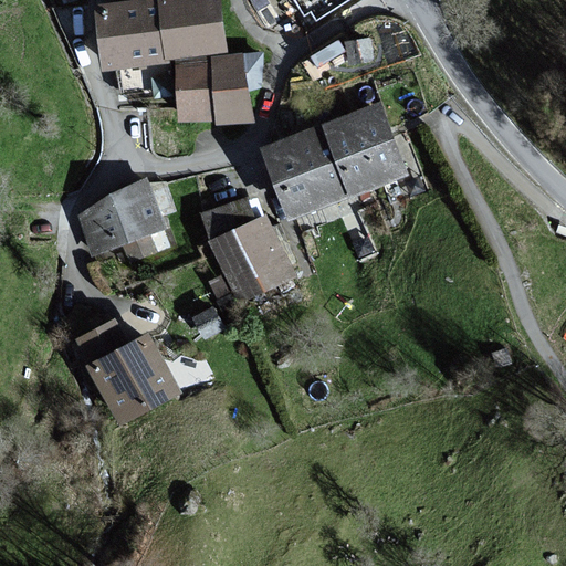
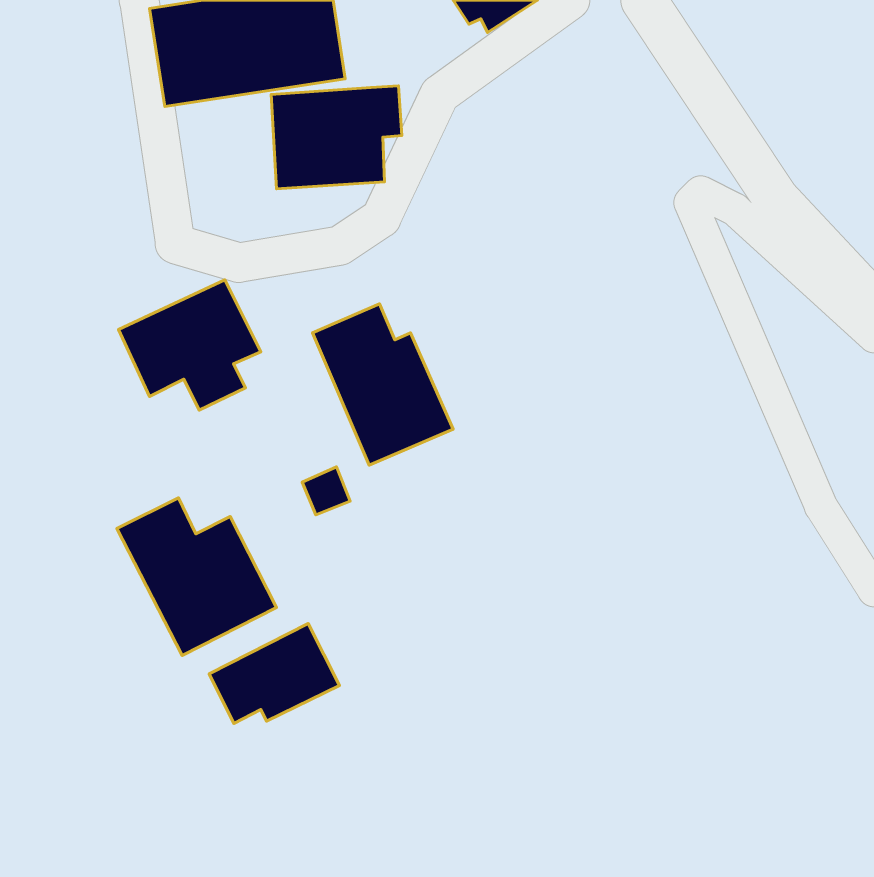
building: [262,103,405,220] -> none
building: none -> [209,623,340,723]

